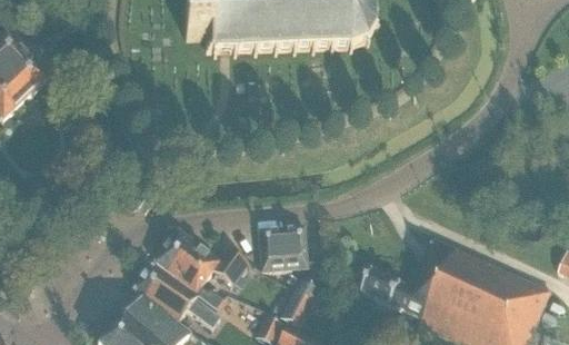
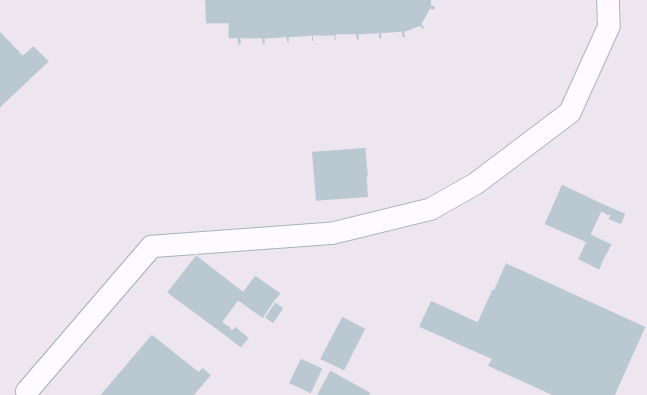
building: none -> [544,184,626,270]
building: [258,224,306,268] -> [311,148,369,201]
building: [132,263,219,325] -> none

